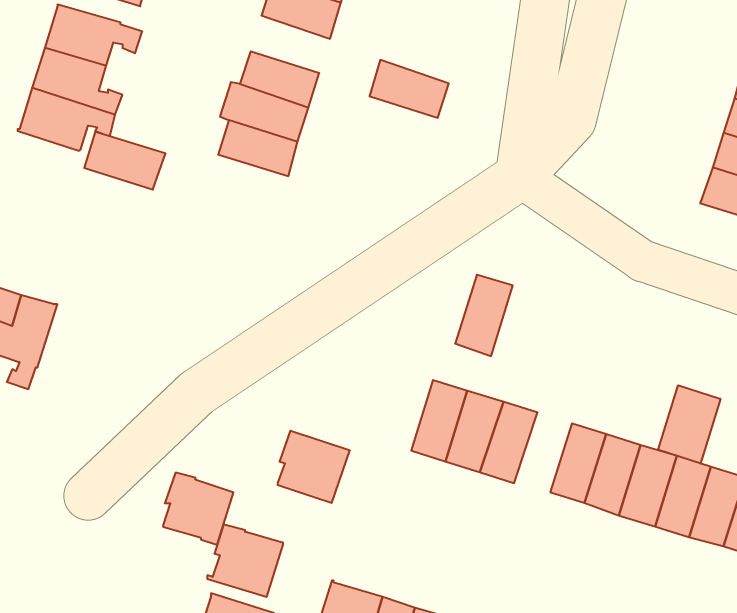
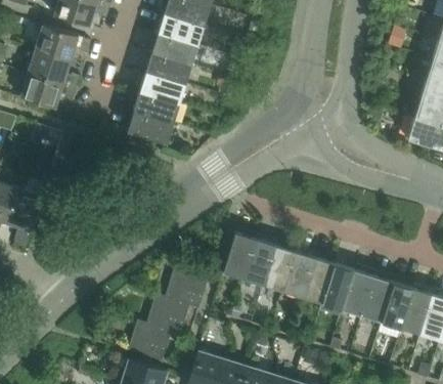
building: [369,60,449,118] -> [152,32,197,65]
building: [84,132,166,190] -> [128,111,174,143]
building: [455,275,513,356] -> [223,232,256,279]
building: [658,385,720,464] -> none
building: none -> [302,257,335,302]
building: [163,473,233,545] -> [149,294,189,335]

